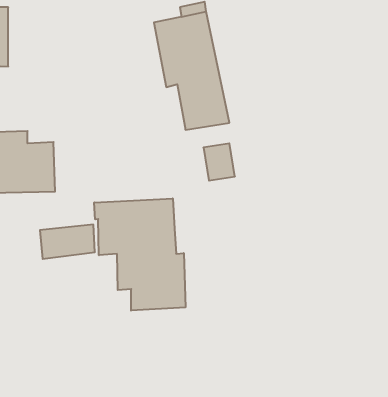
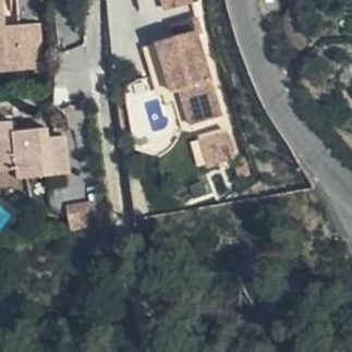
building: [94,198,185,311] -> none

